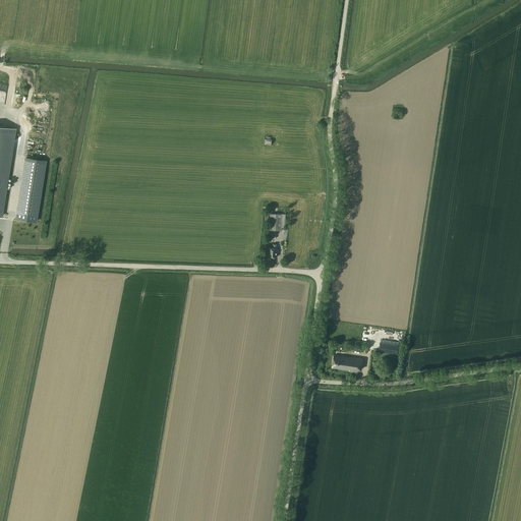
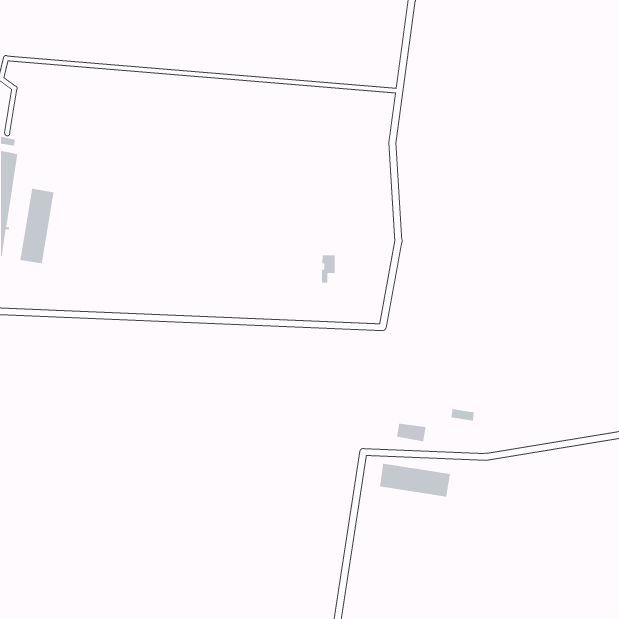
building: none -> [379,463,451,497]

